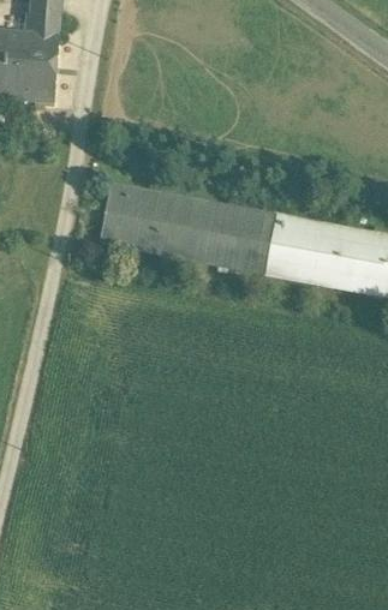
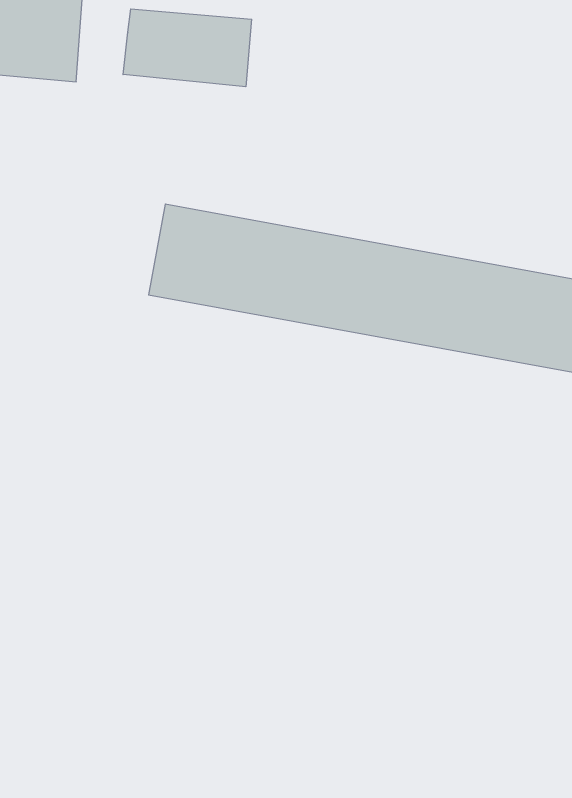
building: none -> [123,9,252,87]

